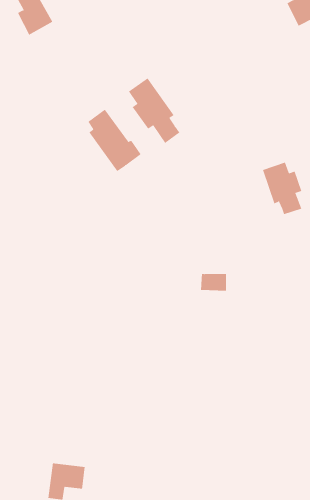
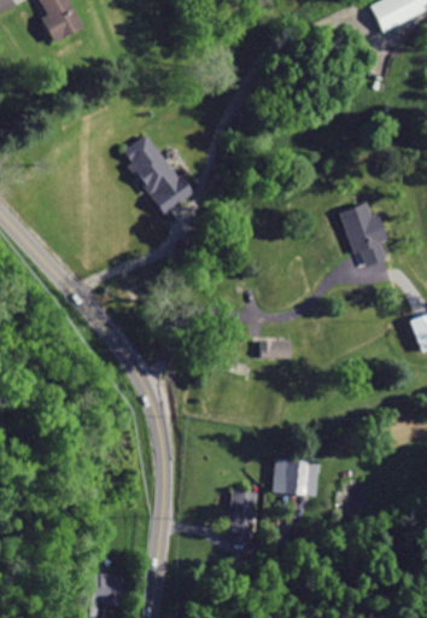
building: [128,77,180,144] -> none
building: none -> [276,460,308,495]
building: none -> [228,490,261,544]

